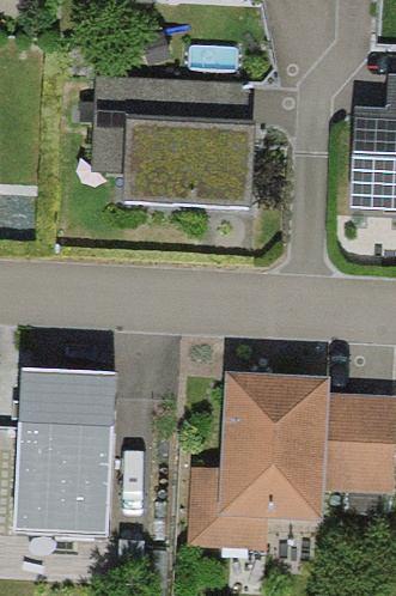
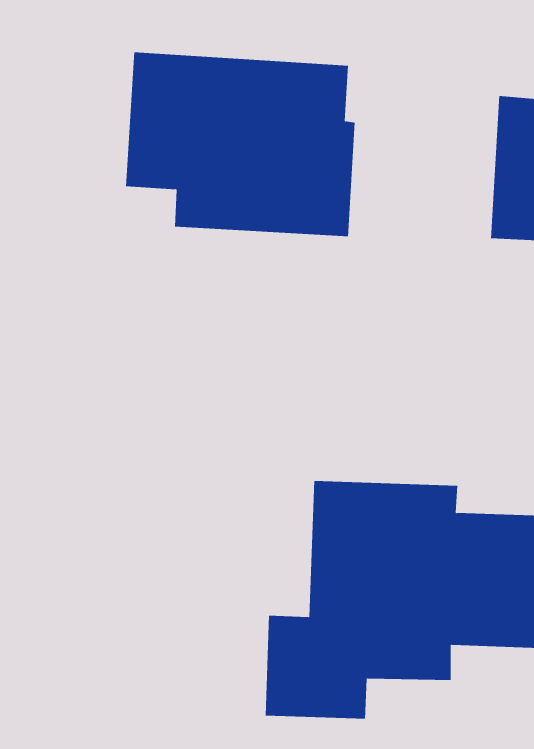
building: [17,377,115,536] -> none

